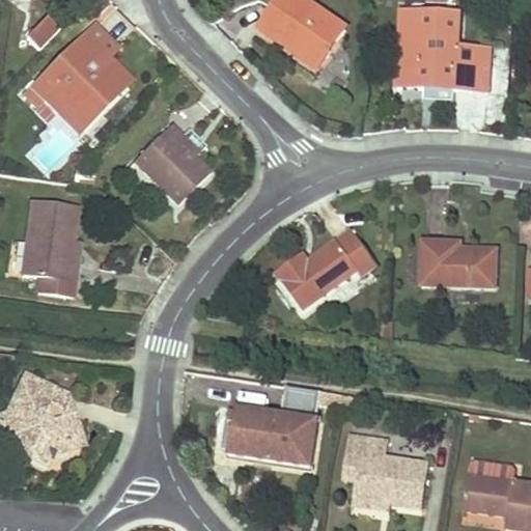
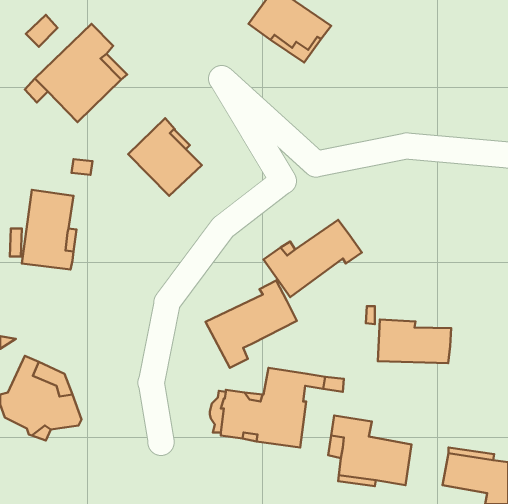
building: [395,9,490,89] -> none
building: [421,240,498,285] -> [378,319,451,363]
building: none -> [206,280,297,368]

